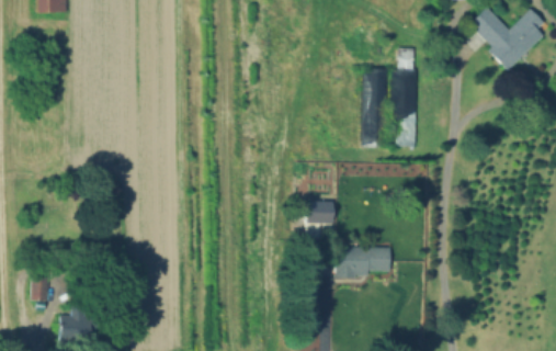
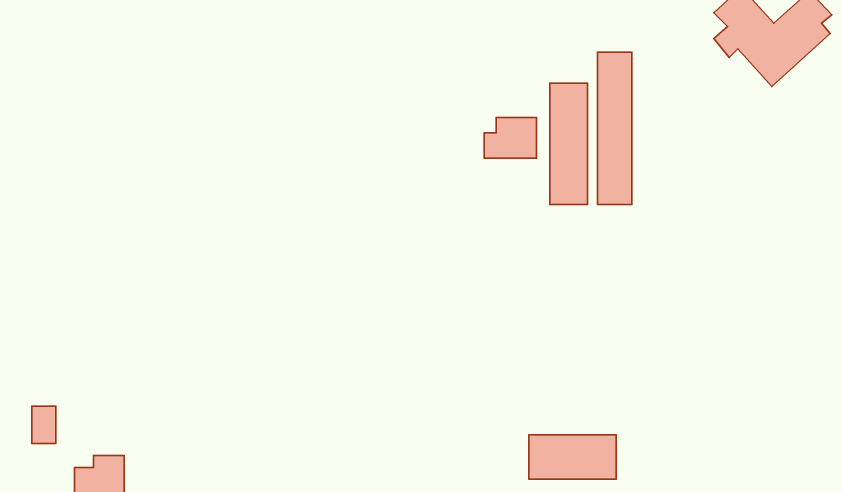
building: none -> [484,117,536,158]
building: [307,206,333,226] -> none
building: [333,247,389,275] -> [529,435,616,479]

